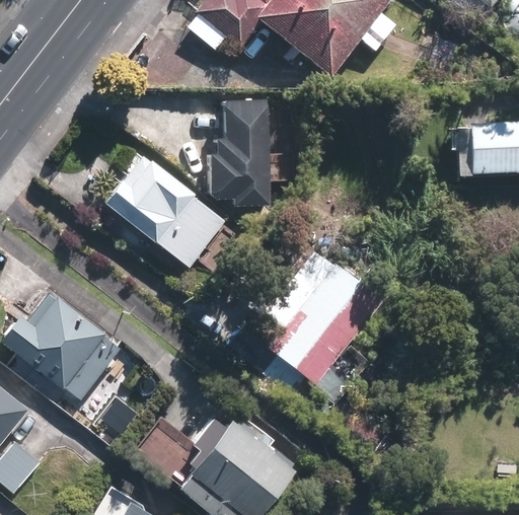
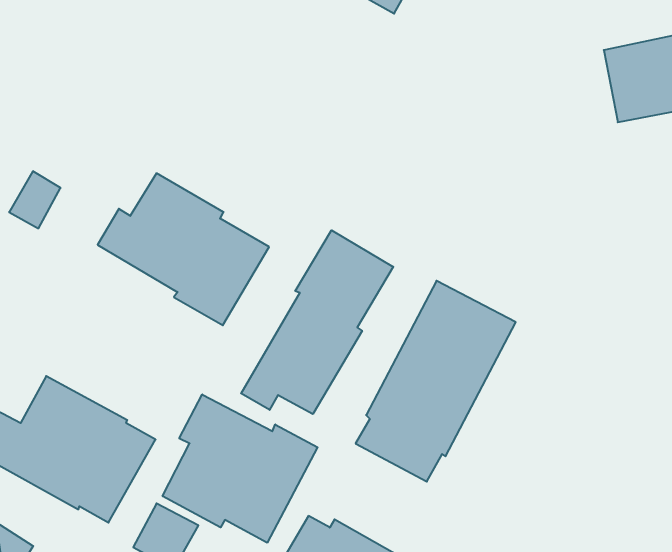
building: [212,109,274,211] -> none
building: none -> [241,230,393,414]
building: none -> [163,394,318,543]

